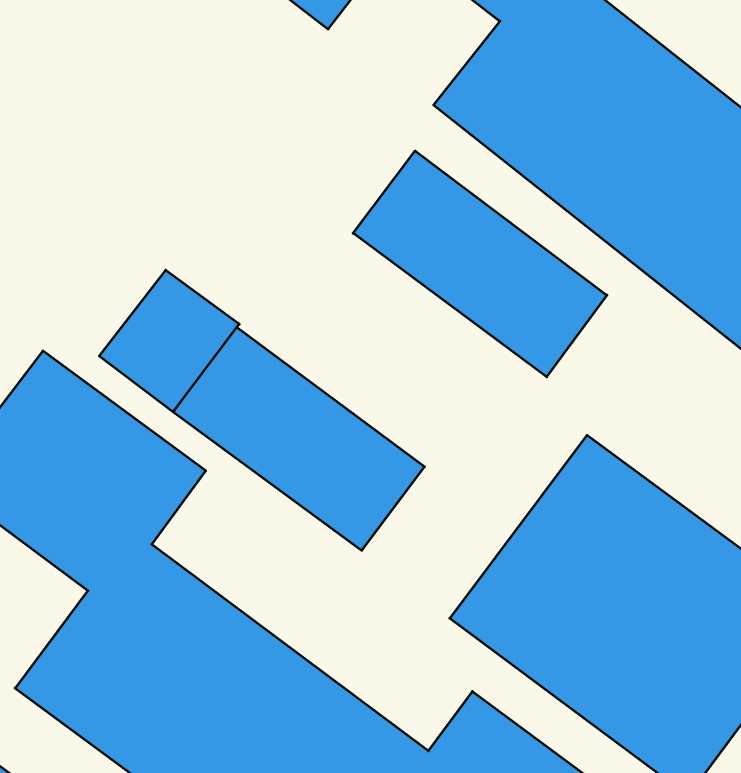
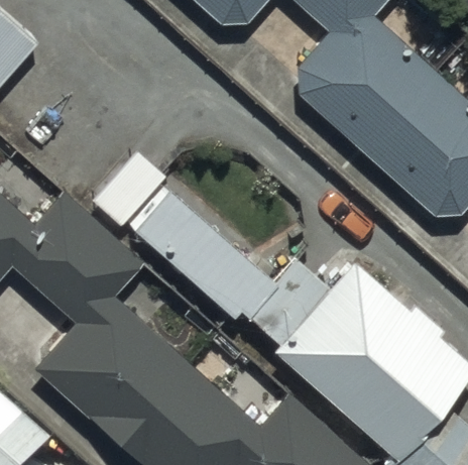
building: [353,151,607,377] -> none

